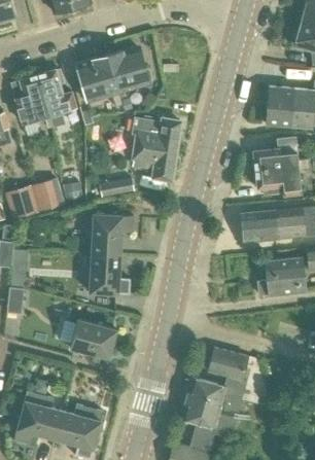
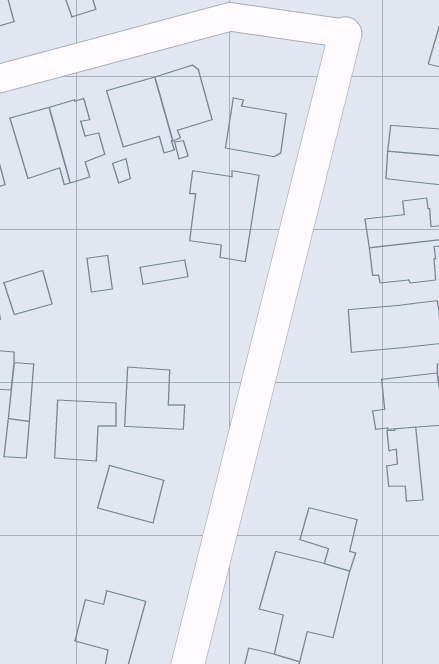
building: none -> [226,98,286,157]
building: [33,180,61,209] -> none
building: [91,213,133,254] -> [54,400,116,461]
building: none -> [387,427,423,501]
building: [13,392,62,444] -> none

